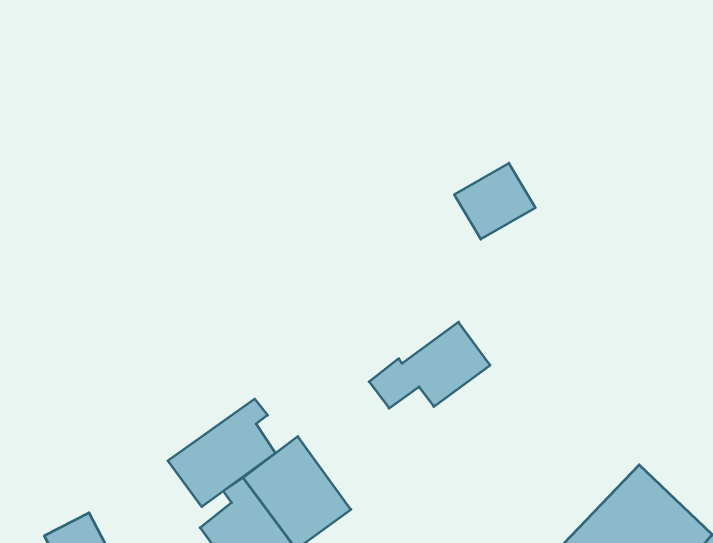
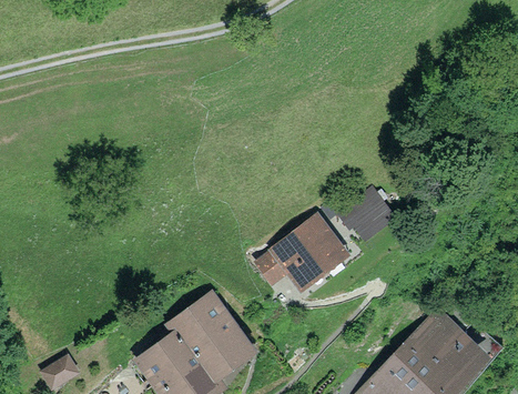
building: [454,163,535,239] -> [338,184,393,235]
building: [168,399,275,507] -> none

